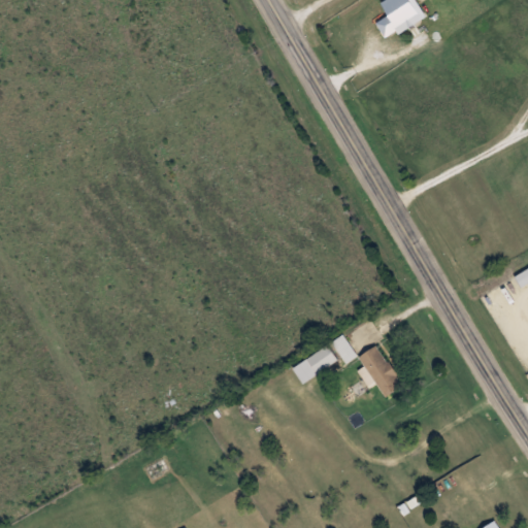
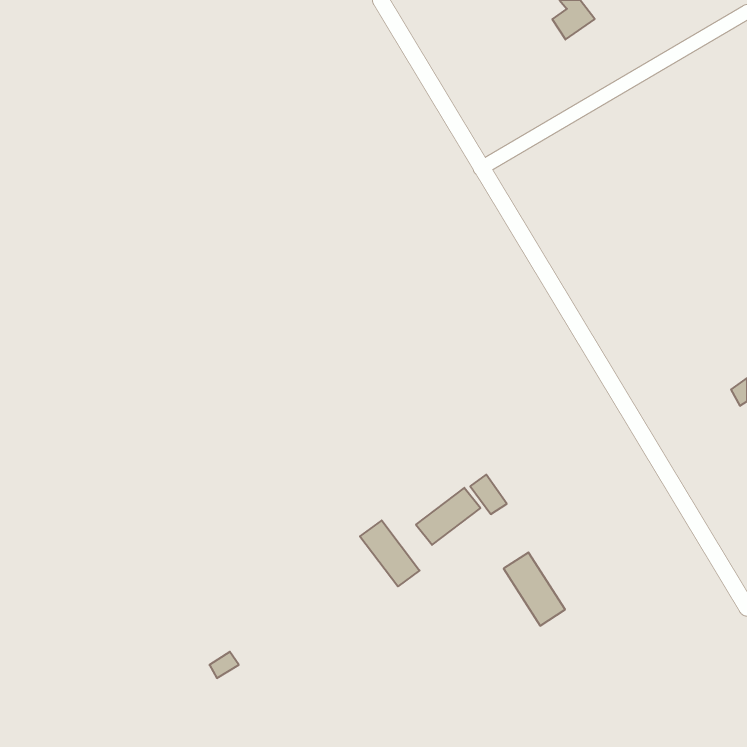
building: [359,345,402,397] -> [504,552,565,626]
building: none -> [360,520,420,586]

